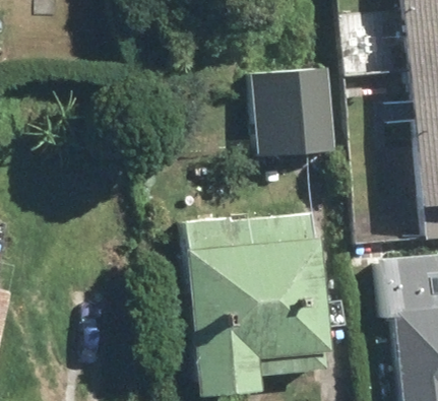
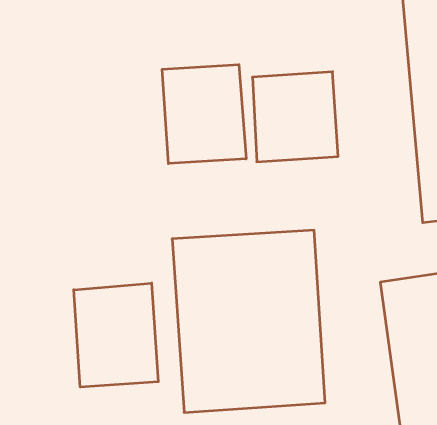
building: none -> [162,65,246,164]
building: none -> [74,283,158,387]

